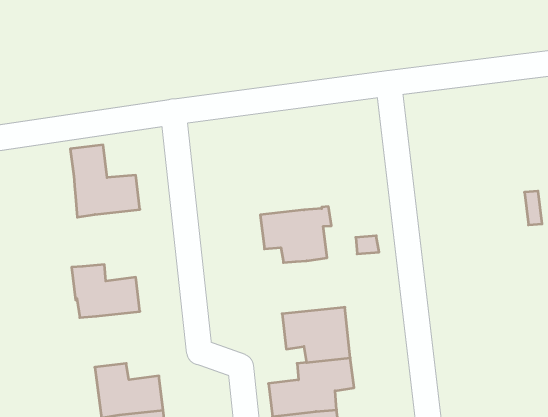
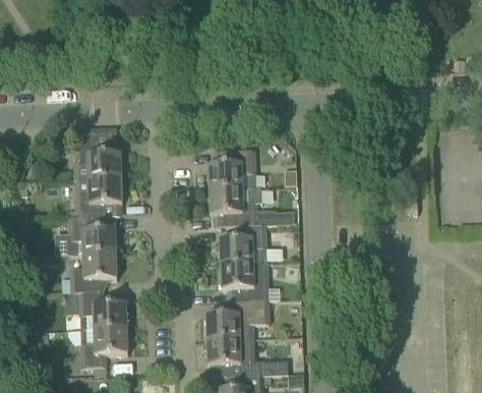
building: none -> [209,149,256,188]
building: none -> [75,177,122,216]
building: none -> [220,224,266,263]
building: none -> [70,252,117,291]

